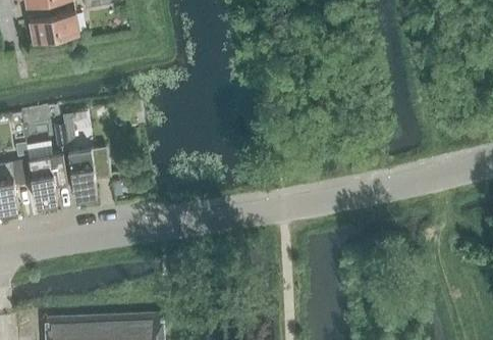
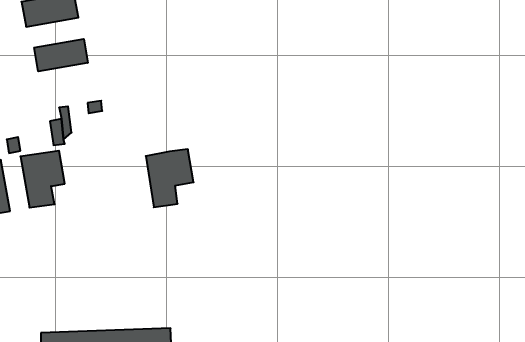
building: none -> [34,39,88,71]
building: [68,148,111,200] -> [146,149,194,207]

